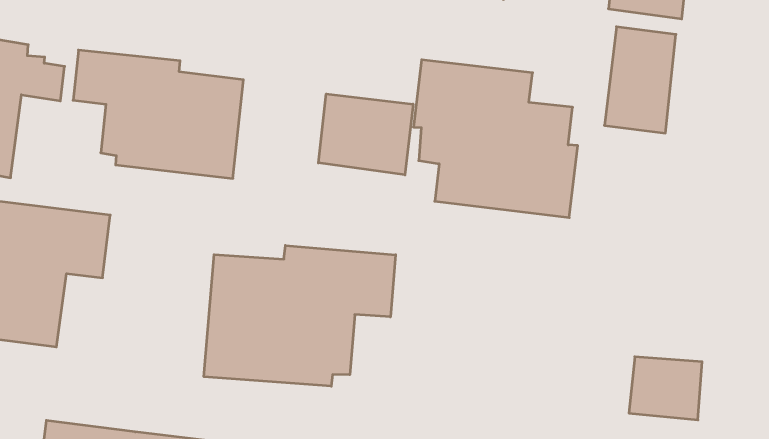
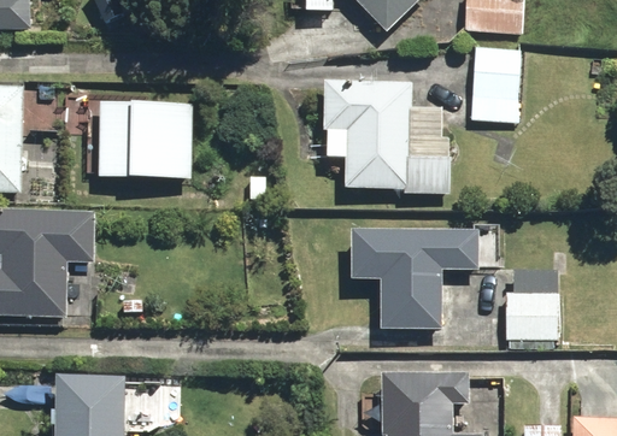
building: [318,94,413,175] -> none
building: [204,245,396,386] -> none
building: none -> [351,225,477,328]

